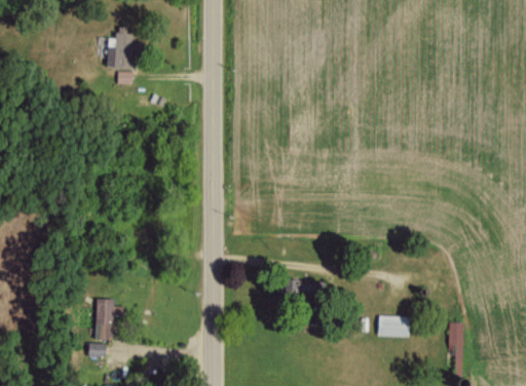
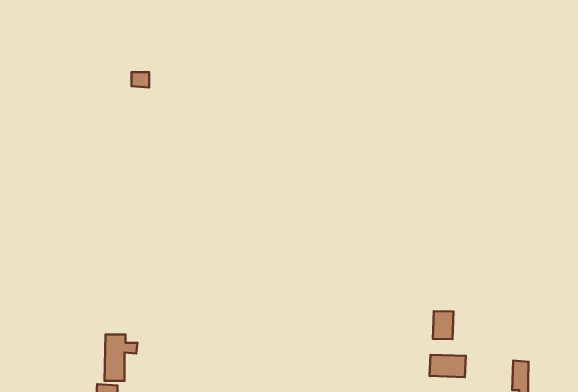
building: [108,28,135,69] -> none
building: none -> [433,311,453,339]

